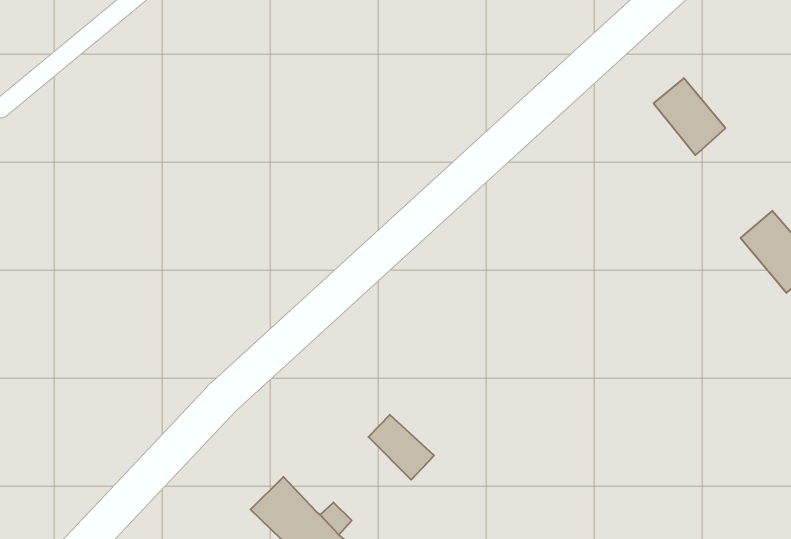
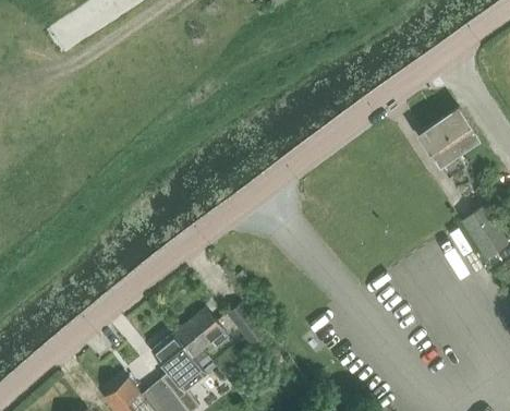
building: none -> [439,109,482,155]
building: none -> [174,311,228,359]

